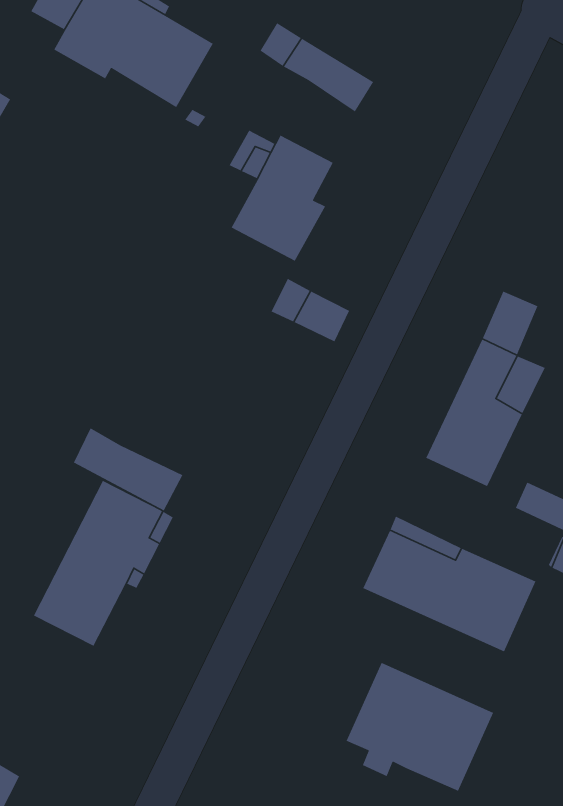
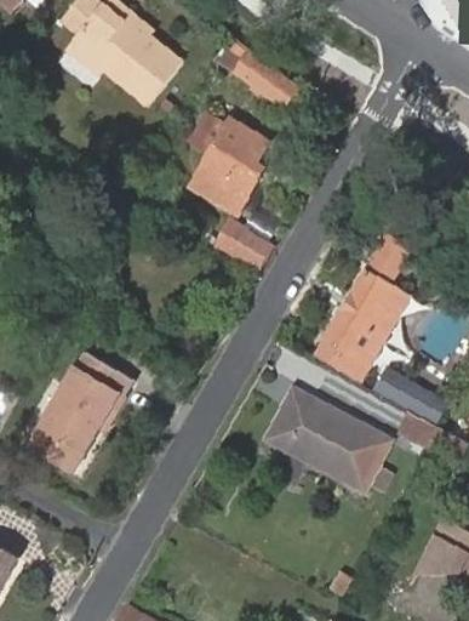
building: [73,427,184,511] -> none
building: [345,662,494,792] -> none

